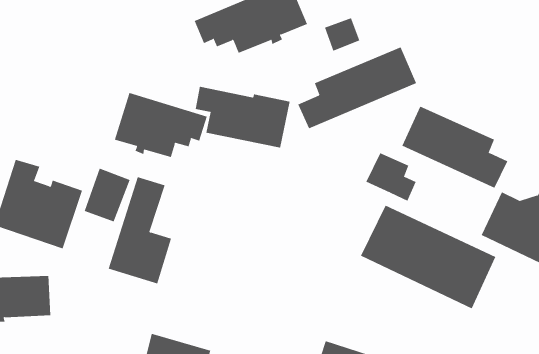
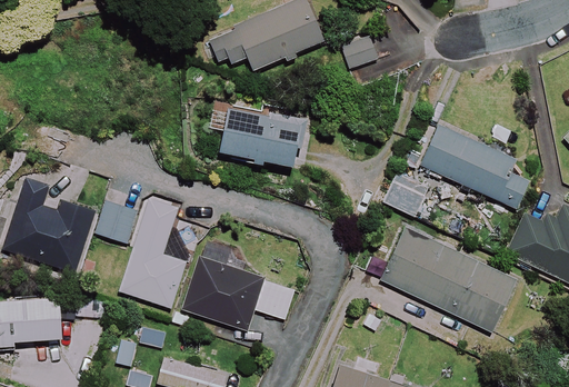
building: [297,47,417,129] -> none
building: [114,92,207,158] -> none
building: none -> [182,256,297,330]

